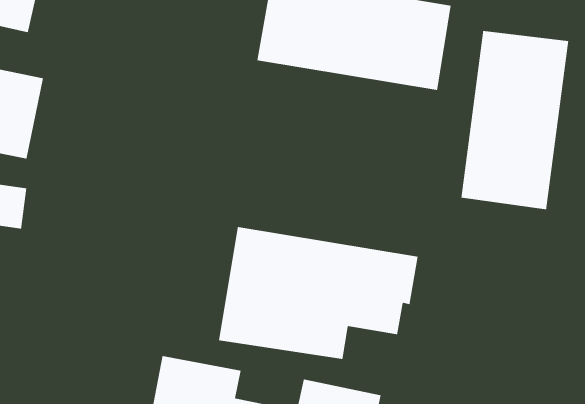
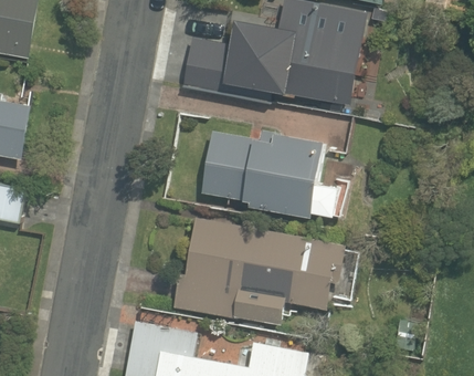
building: [461,30,569,210] -> none
building: none -> [198,125,331,213]

